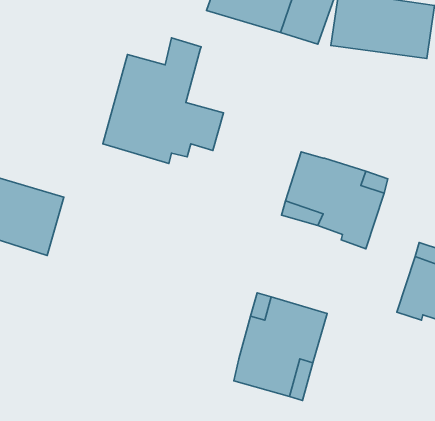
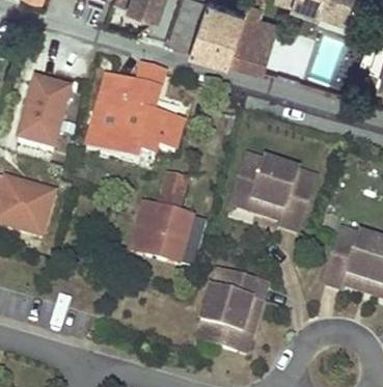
building: none -> [17,80,69,149]
building: none -> [128,173,203,267]

